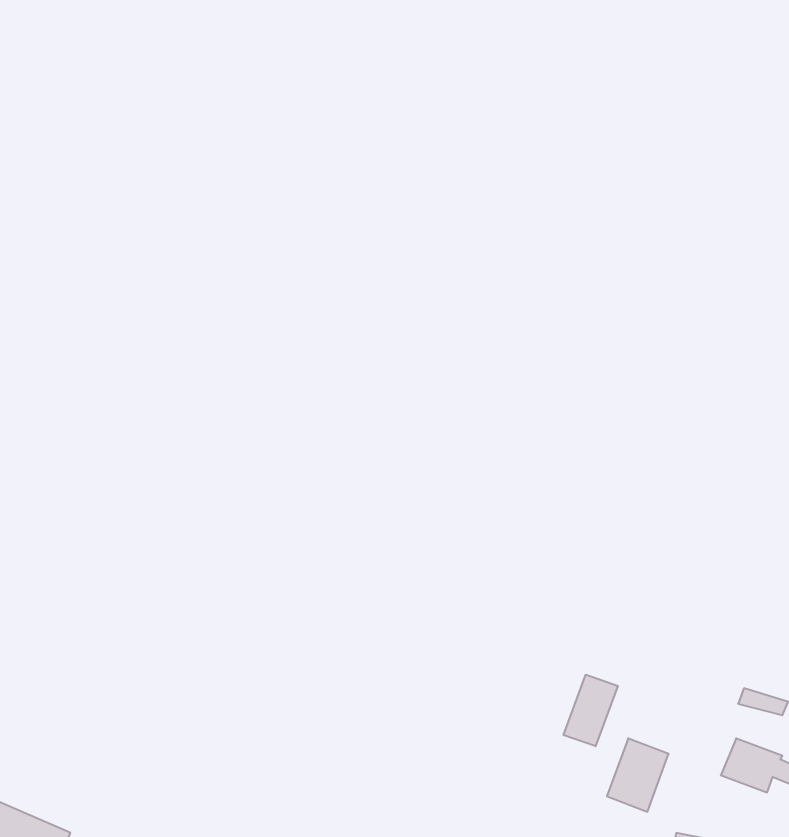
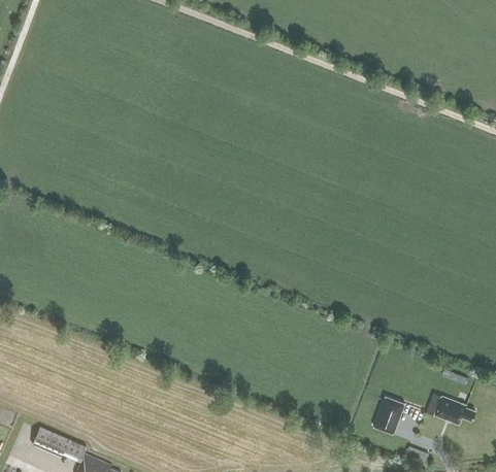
building: [564,675,618,746] -> none

